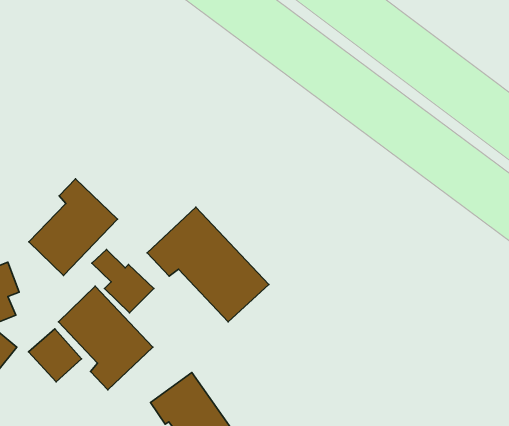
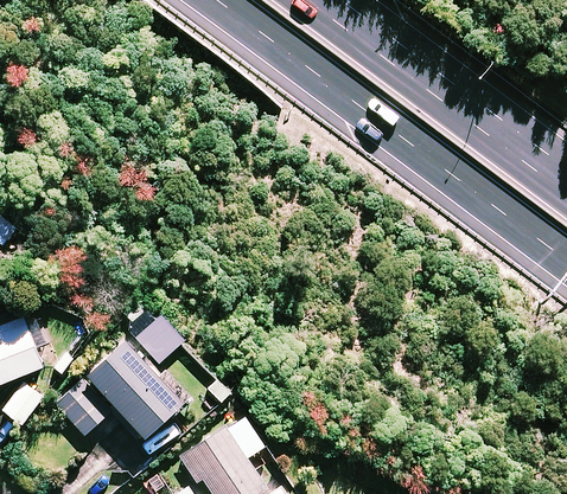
building: [29,179,117,276] -> none
building: [147,207,269,322] -> none

